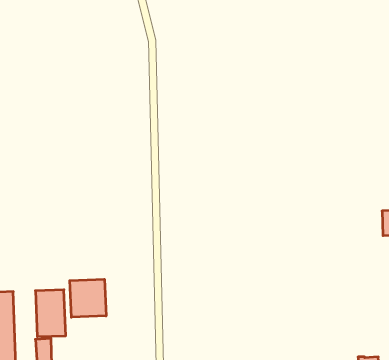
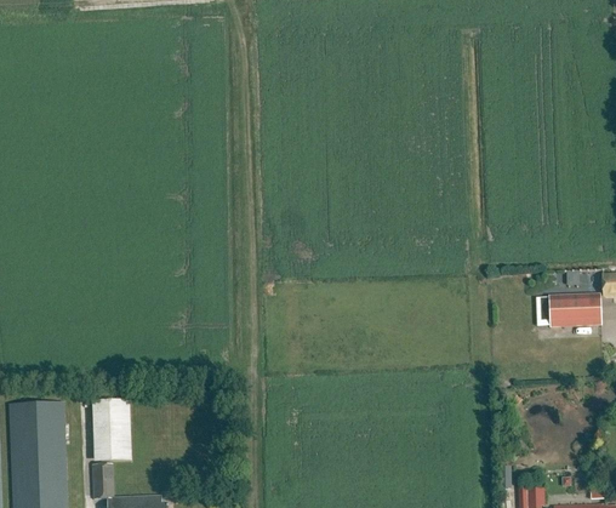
building: [70,279,106,317] -> none

